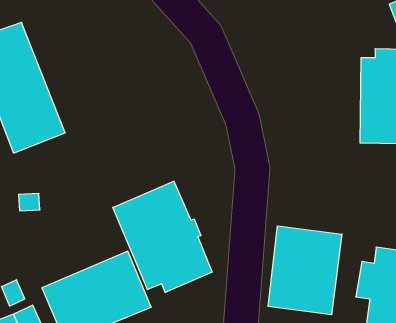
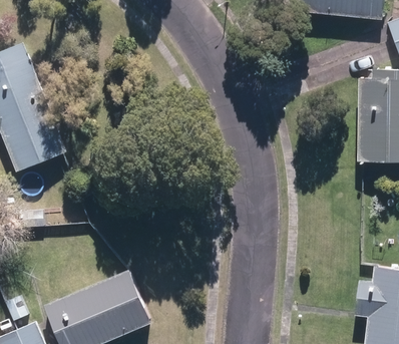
building: [113,181,212,293] -> none
building: [268,226,342,315] -> none

